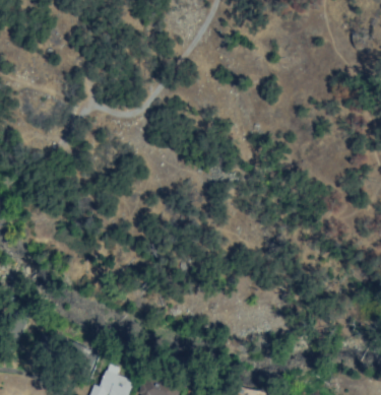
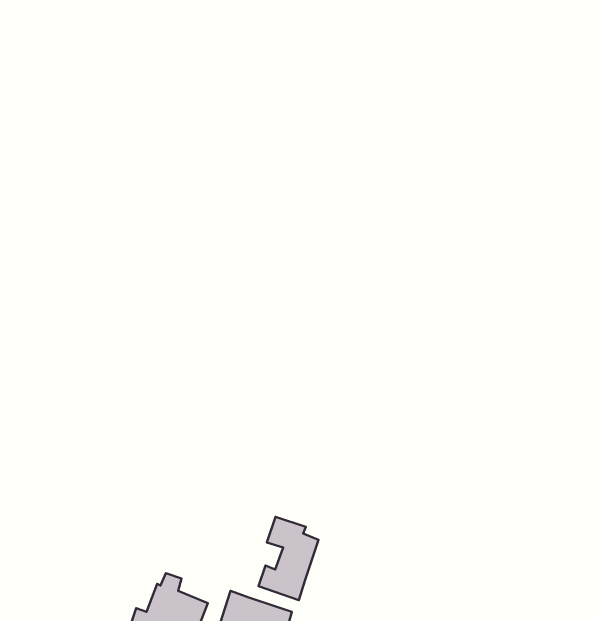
building: none -> [259,517,319,600]

